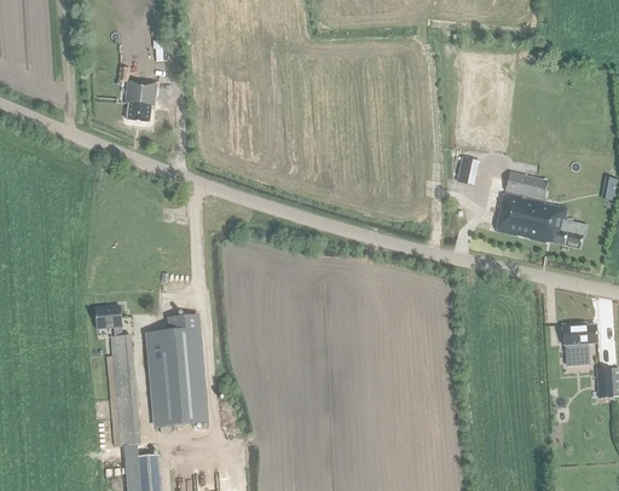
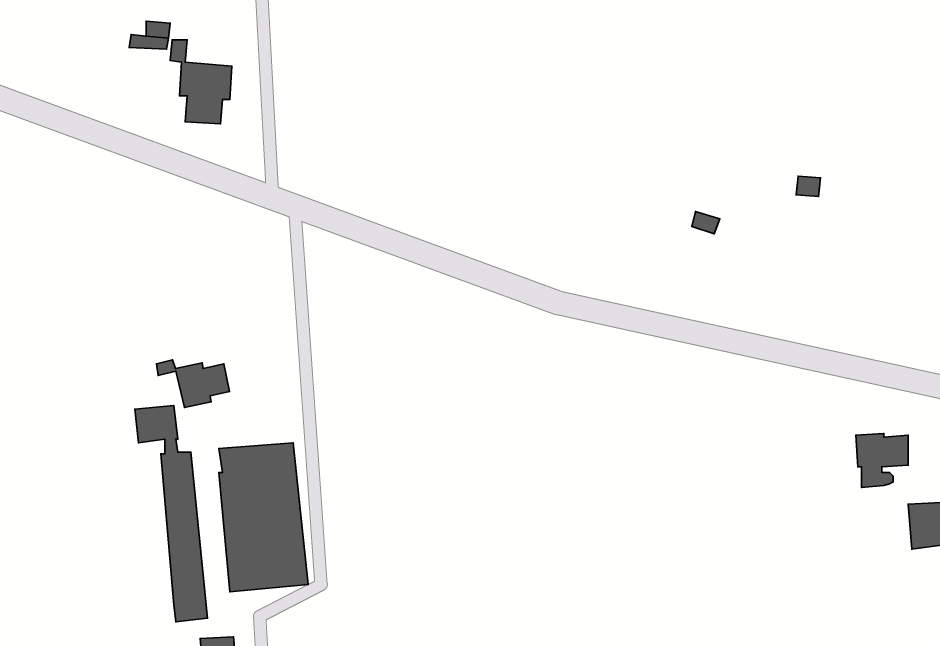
building: [494,171,583,247] -> none
building: none -> [156,360,229,407]

